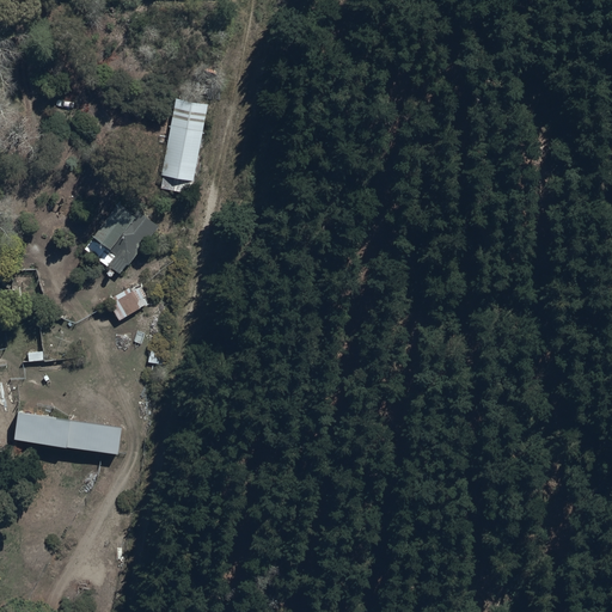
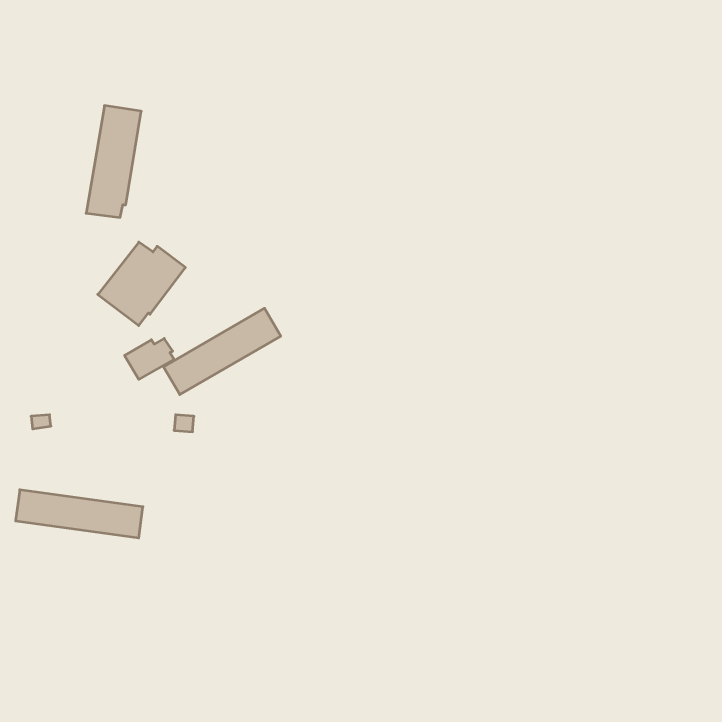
building: [159,98,206,192] -> [86,106,141,217]
building: none -> [164,308,281,395]

